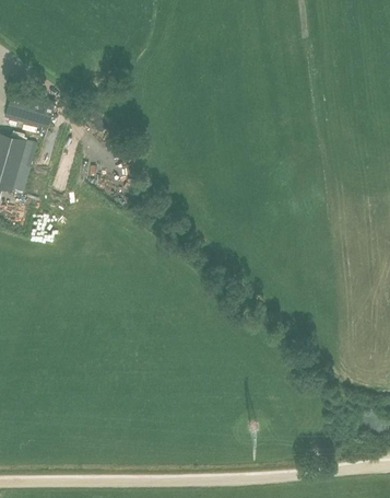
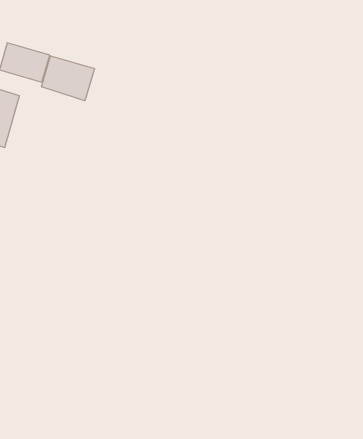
building: none -> [42,56,95,101]

